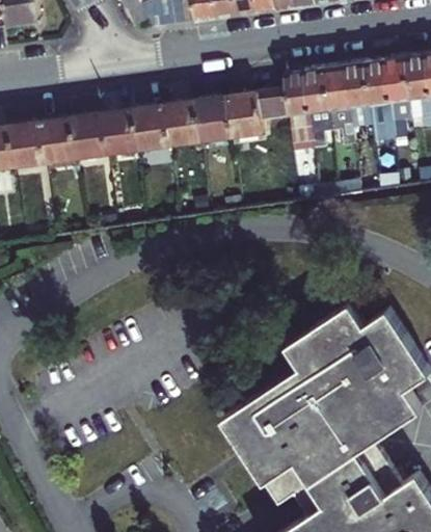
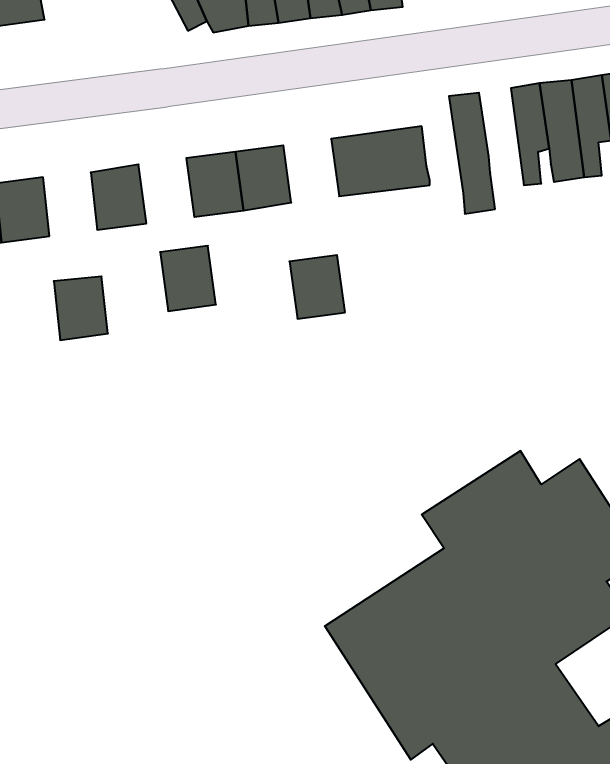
building: [323,65,352,131] -> none
building: [282,71,313,136] -> none
building: [195,99,232,140] -> [289,255,345,319]
building: [101,111,137,154] -> [160,246,216,311]
building: [38,121,74,162] -> [54,276,108,340]

